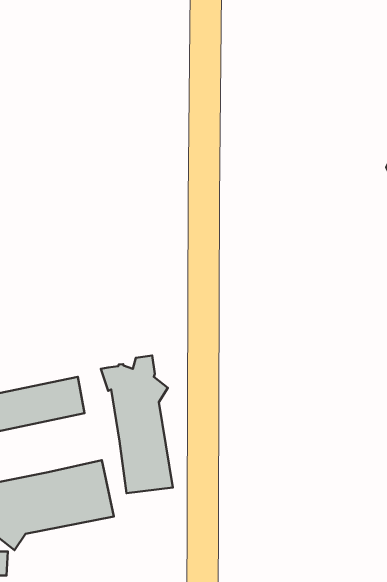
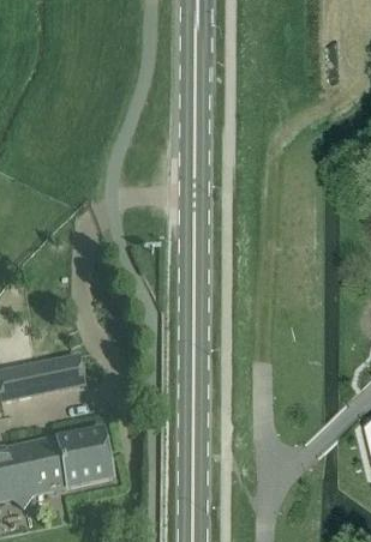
building: [101,356,173,493] -> none

